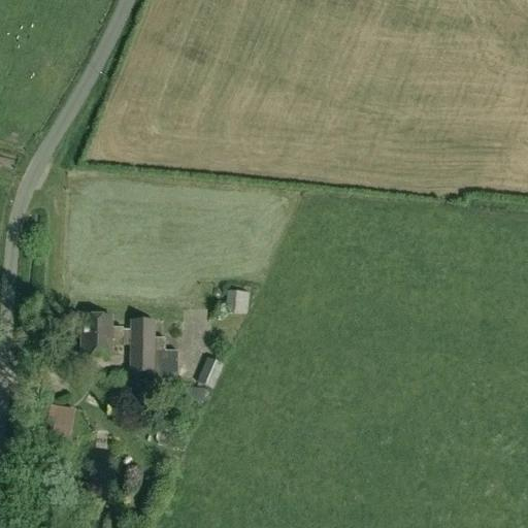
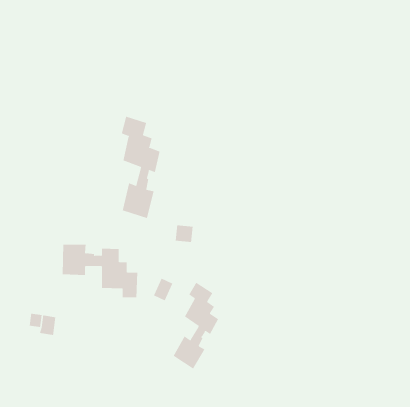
building: none -> [121,116,160,219]
building: none -> [173,282,219,369]

